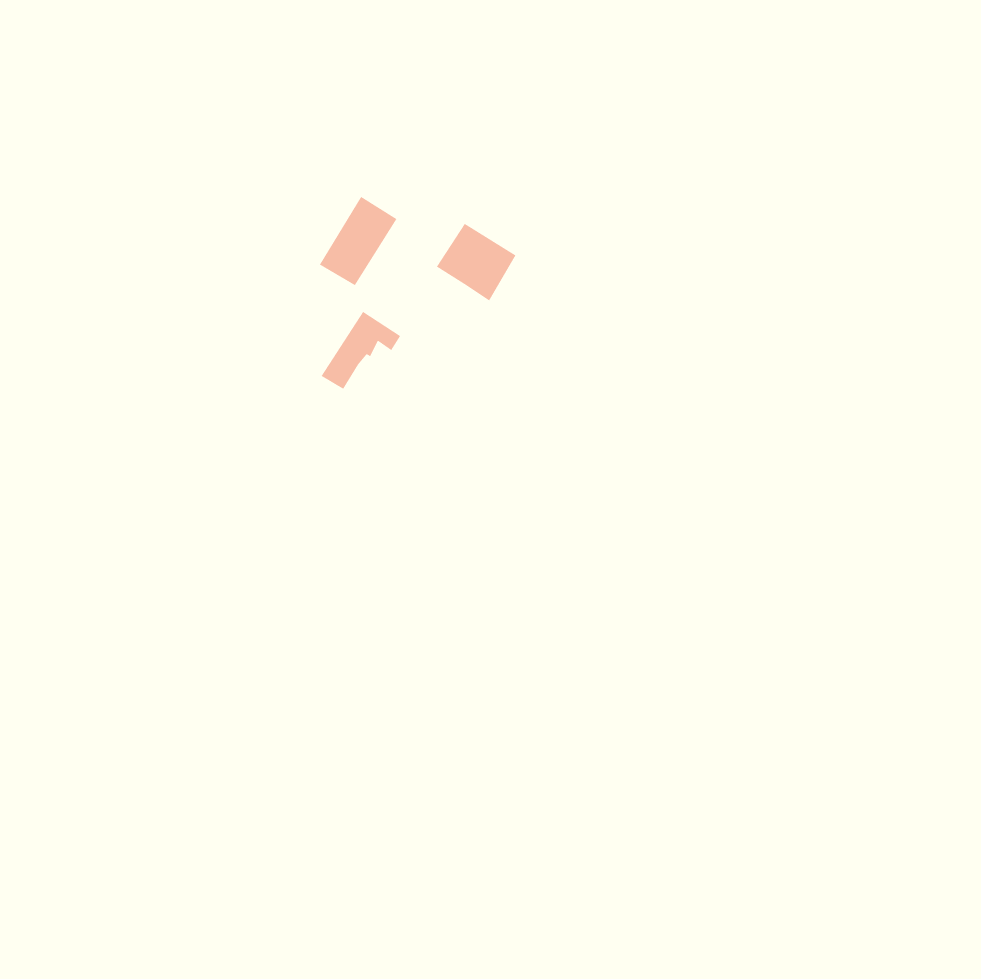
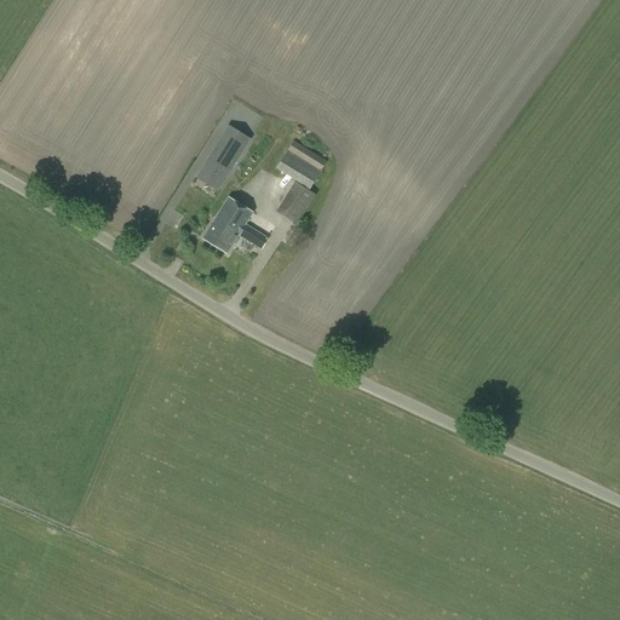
building: none -> [276,180,316,224]
building: none -> [217,216,269,253]

